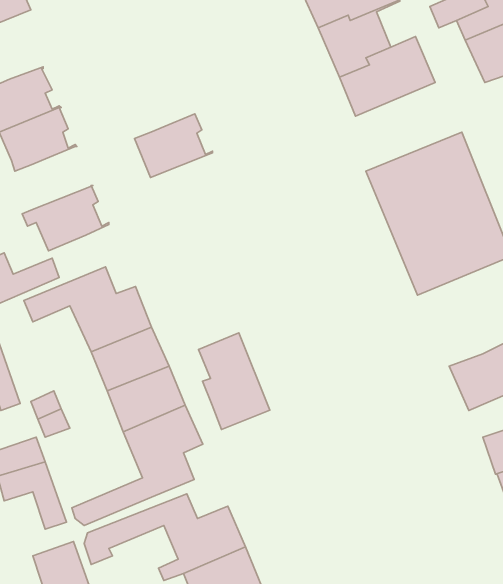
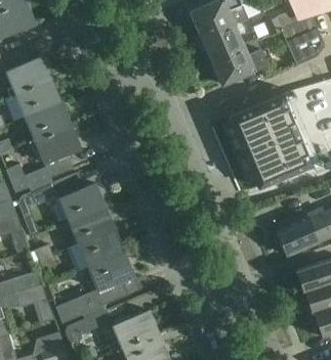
building: [135,114,213,178] -> [25,102,70,139]
building: [198,333,270,430] -> none

